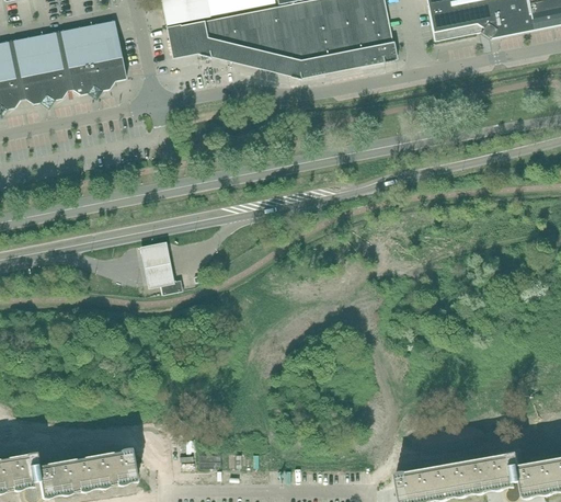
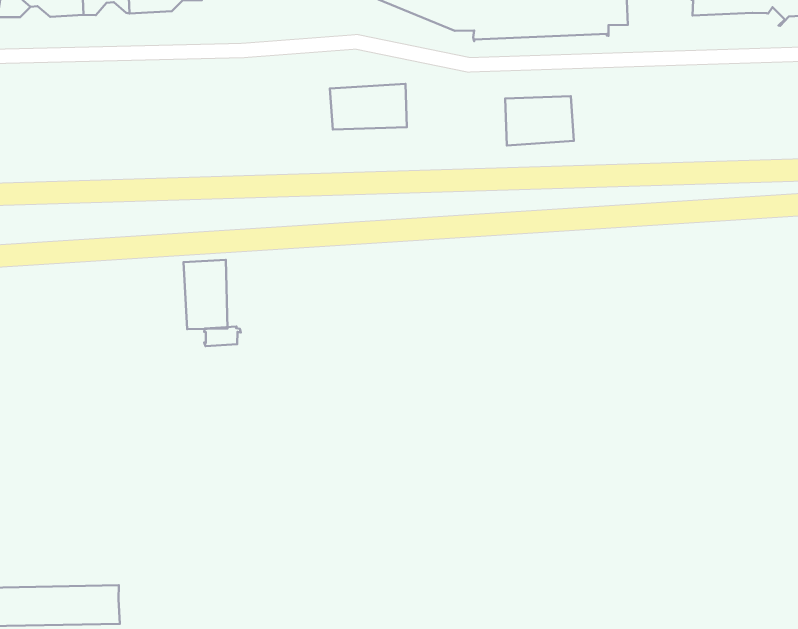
building: none -> [505,96,574,146]
building: none -> [330,84,407,130]

